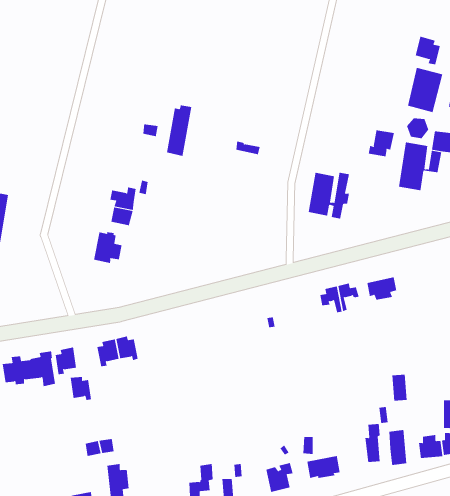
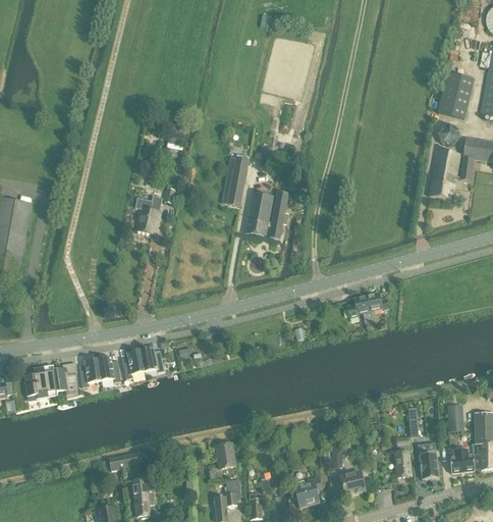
building: [415,36,441,65] -> none
building: [166,105,192,157] -> [222,153,249,206]
building: [368,130,394,157] -> none
building: [308,172,350,219] -> [245,191,288,239]
building: [94,231,122,264] -> none
building: [367,276,397,301] -> none
building: [391,374,407,401] -> [447,404,463,431]
building: [70,376,92,400] -> [98,357,120,381]
building: none -> [216,442,235,468]

